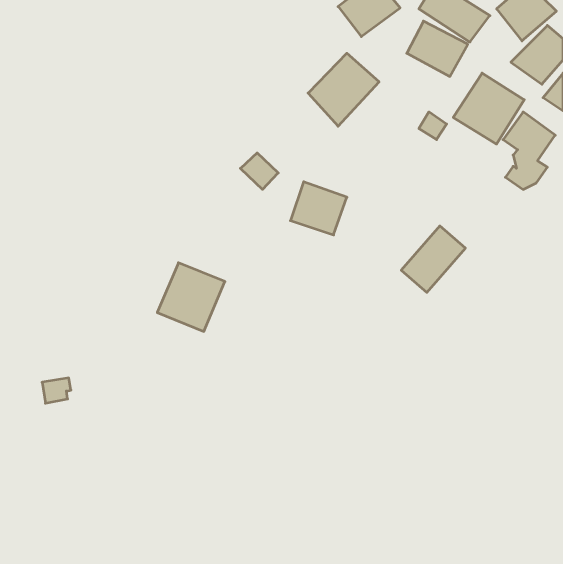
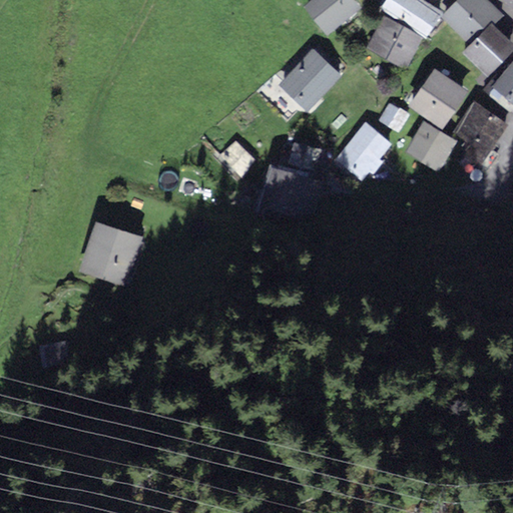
building: none -> [406,120,455,170]
building: [401,226,465,292] -> [331,120,389,180]
building: [157,263,225,331] -> [79,225,140,288]

